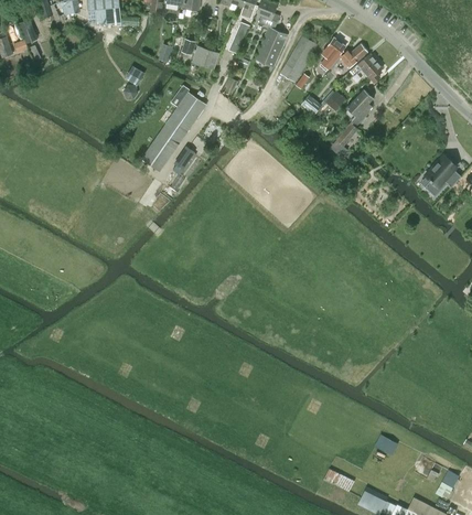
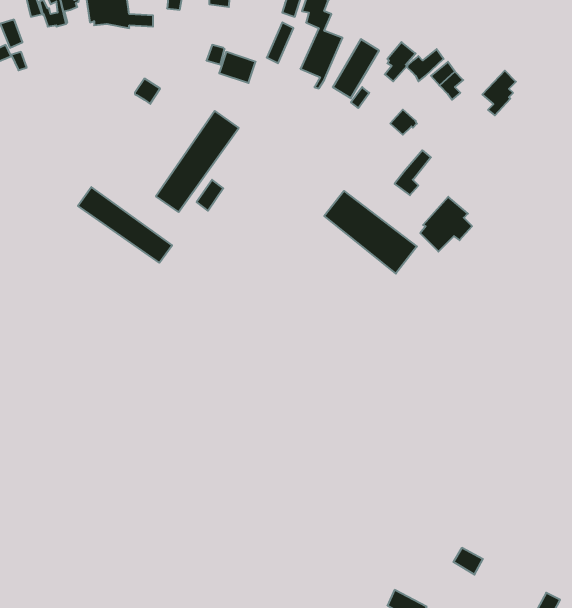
building: [346,89,373,125] -> [482,71,516,115]
building: none -> [78,187,172,263]
building: [420,153,461,196] -> [420,197,472,252]
building: none -> [324,191,417,274]

